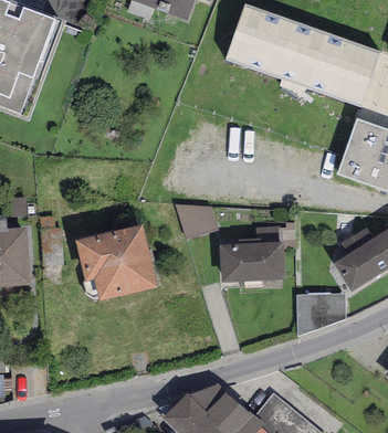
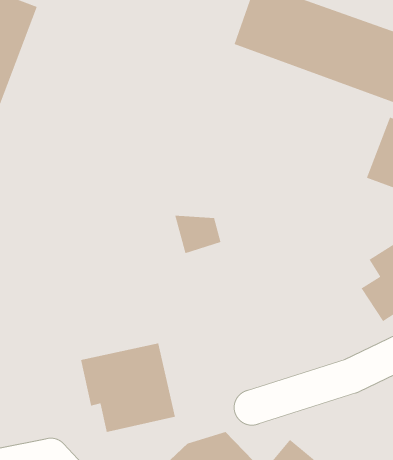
building: [76,226,157,303] -> [80,342,176,433]
building: [220,242,284,282] -> none
building: [295,291,346,334] -> none

